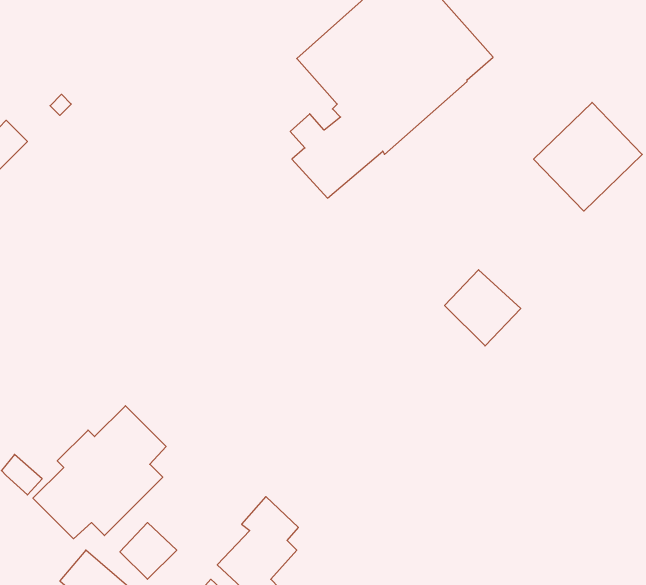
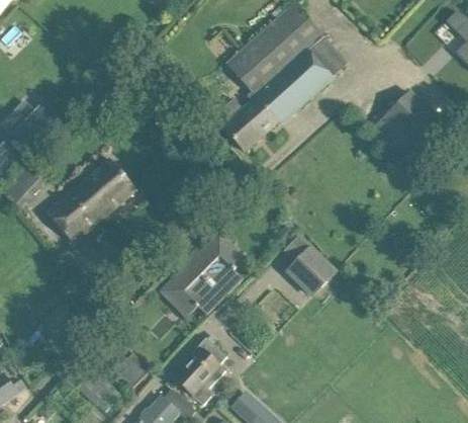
building: none -> [48,158,136,242]
building: [445,270,521,346] -> [288,247,336,294]
building: [33,406,166,539] -> [162,233,245,316]

